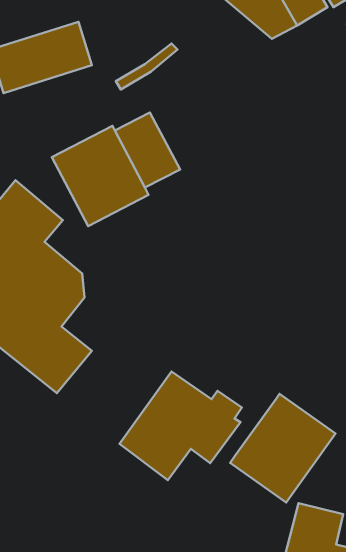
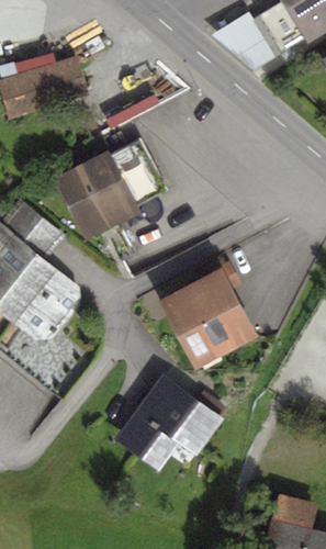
building: none -> [157,260,259,370]
building: [230,394,336,502] -> none

